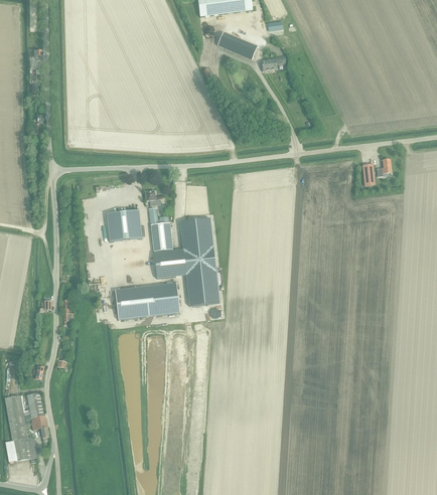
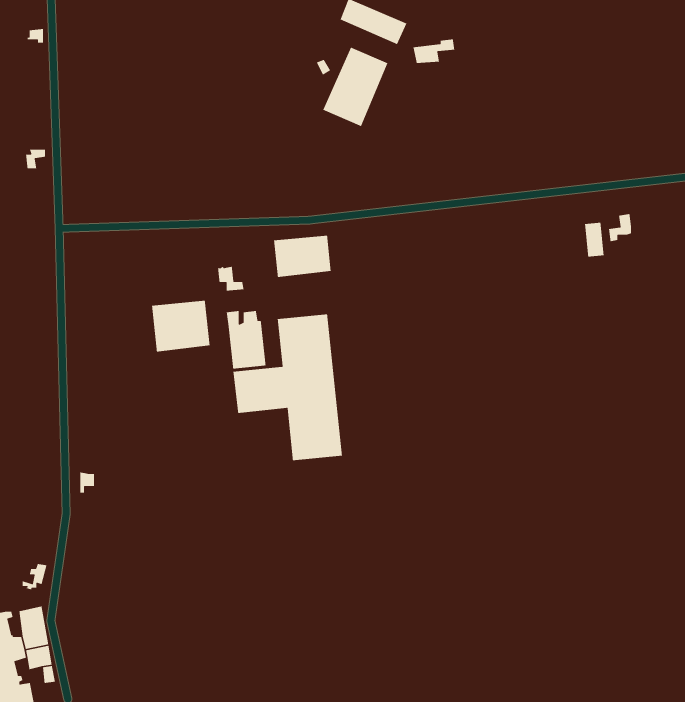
building: none -> [322,46,388,127]
building: none -> [273,235,332,278]
building: [114,283,178,319] -> none

